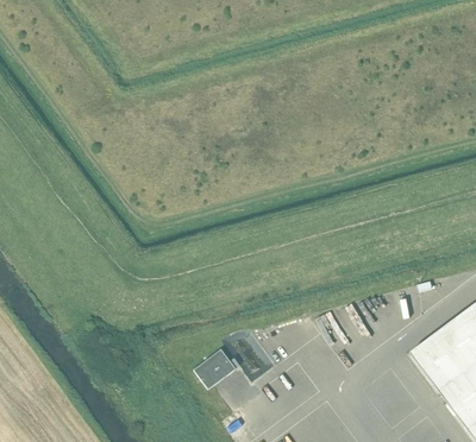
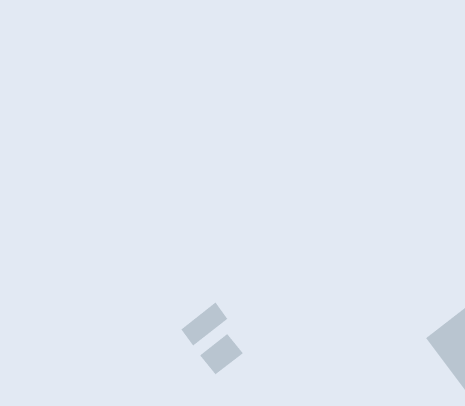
building: none -> [180,302,228,347]

